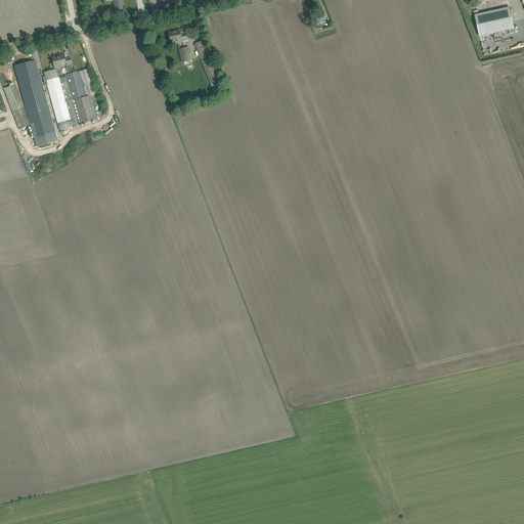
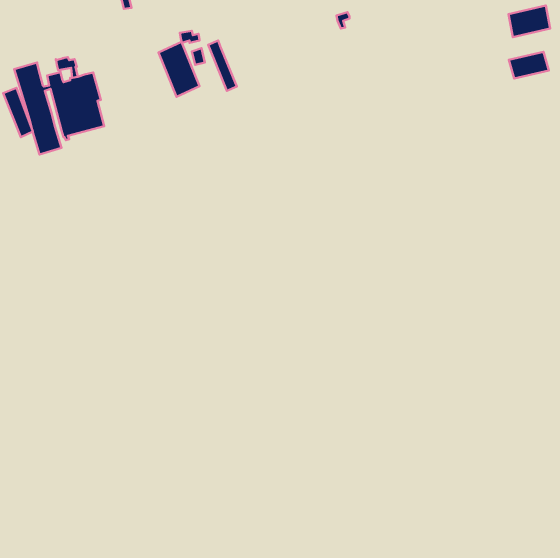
building: none -> [159,42,199,97]
building: none -> [509,52,549,79]

